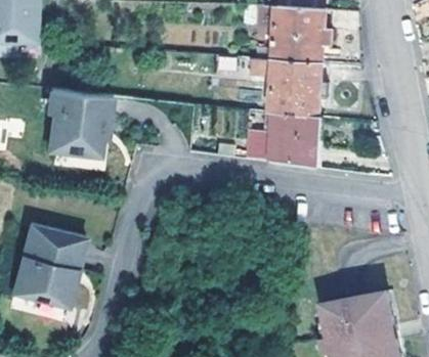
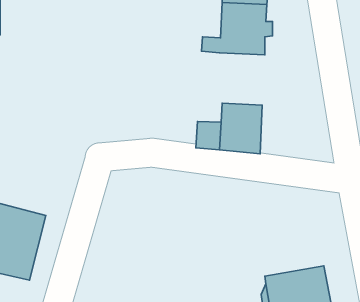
building: [247,59,330,118] -> none
building: [49,92,112,155] -> none

